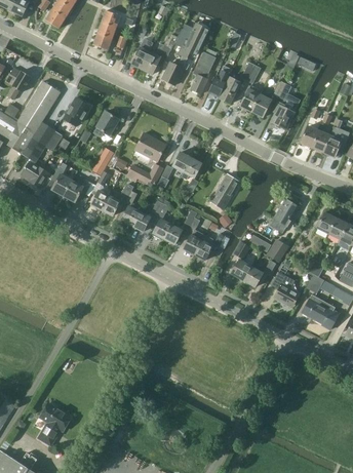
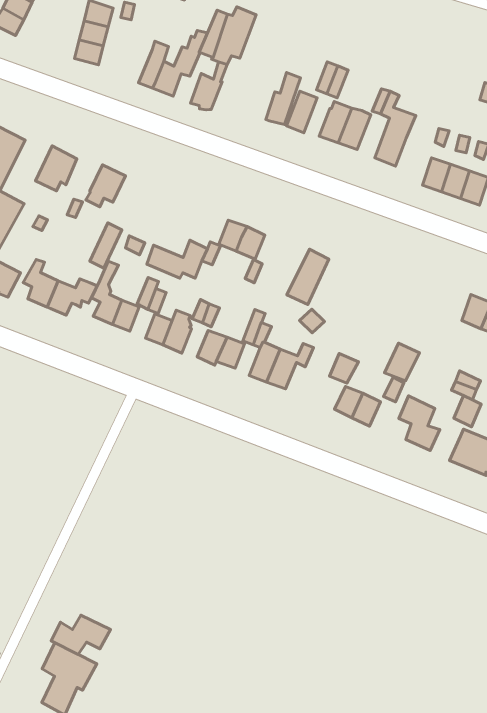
building: [192,52,217,93] -> none
building: [135,134,166,162] -> none
building: [269,200,298,234] -> none
building: none -> [51,615,110,654]

